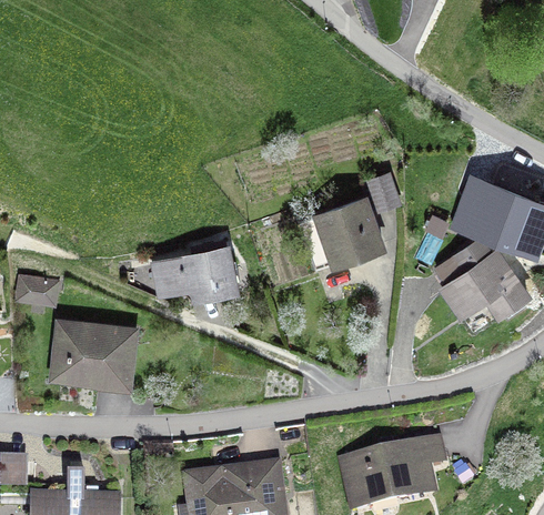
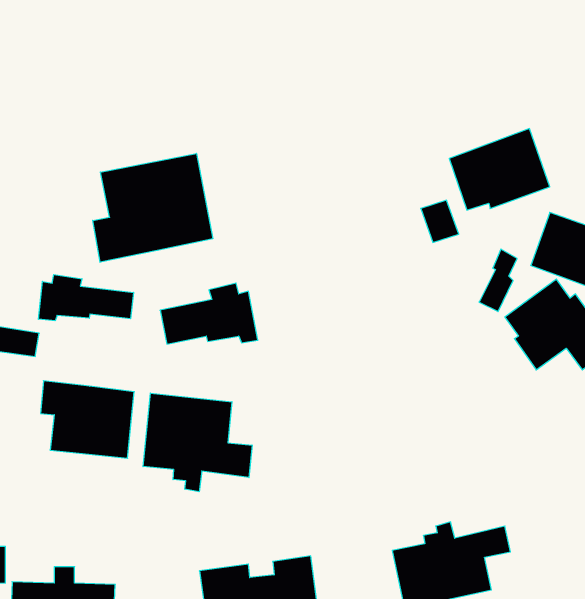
building: none -> [93,153,213,262]
building: [300,196,382,263] -> [449,129,550,210]
building: none -> [38,275,134,321]
building: none -> [143,393,252,492]

